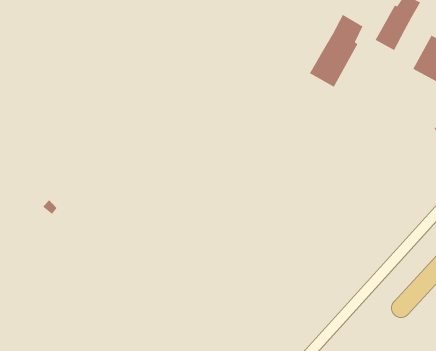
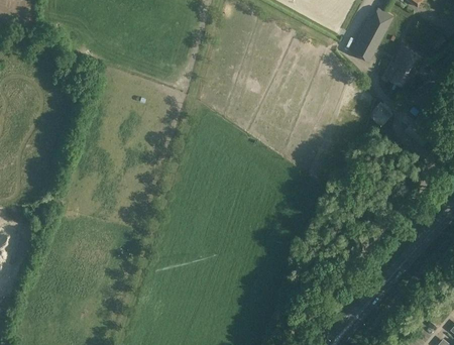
building: [309,14,363,88] -> none

